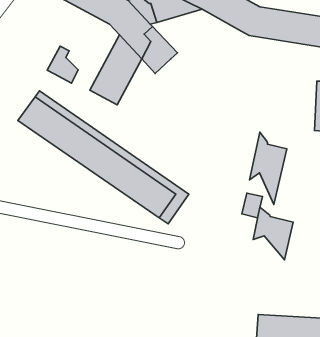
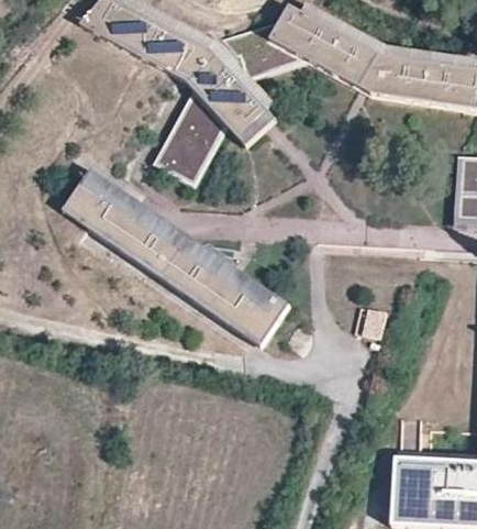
building: [47,46,78,83] -> none
building: [250,132,287,205] -> none
building: [253,207,293,260] -> none

